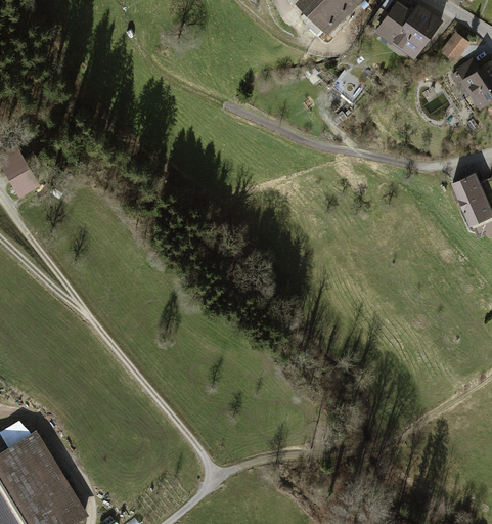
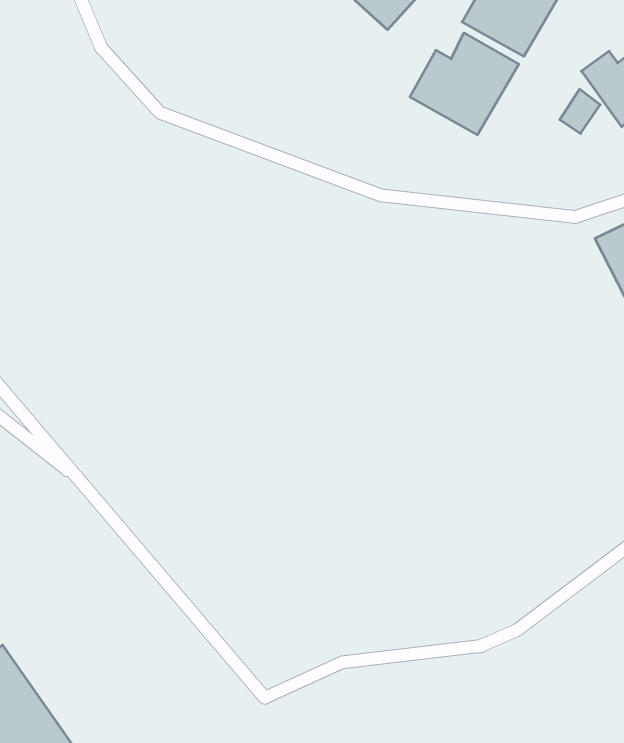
building: [439,34,466,63] -> [560,89,600,134]
building: none -> [410,33,519,135]

